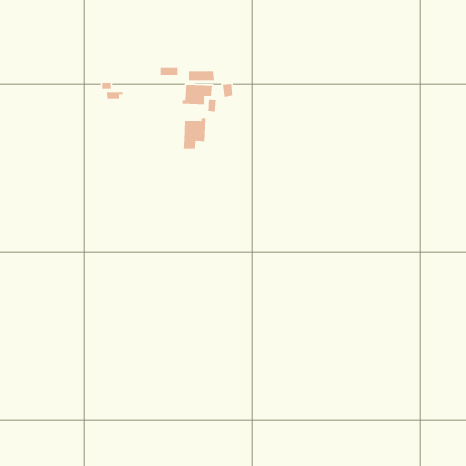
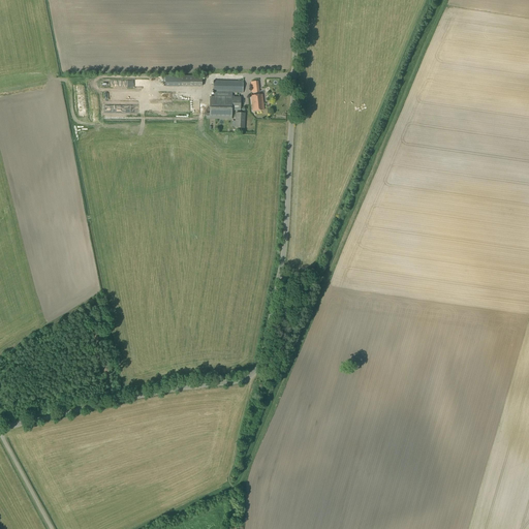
building: [183,118,206,149] -> none

